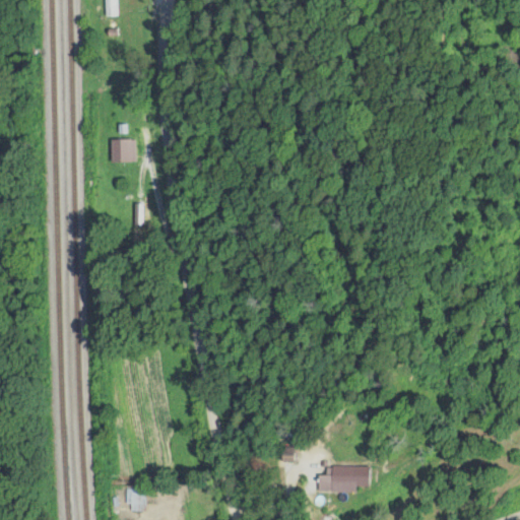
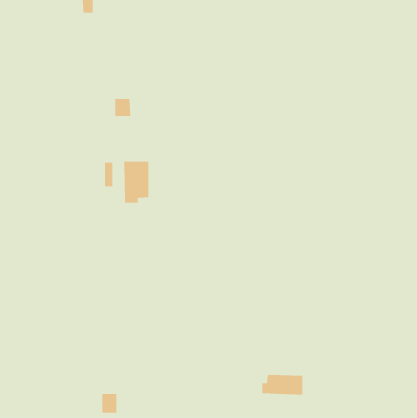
building: [115,139,135,161] -> [115,98,131,116]
building: none -> [124,161,149,203]

